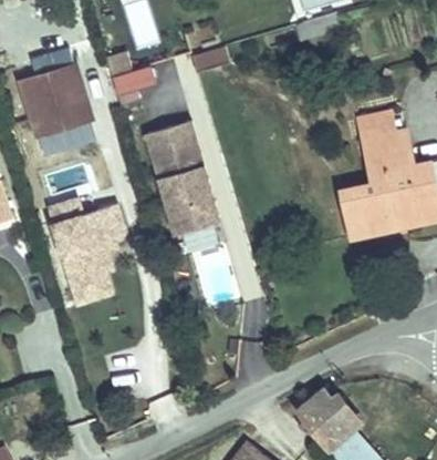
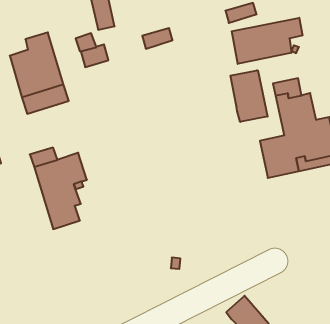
building: none -> [232,18,303,64]
building: none -> [230,70,268,122]
building: [144,121,219,234] -> none

